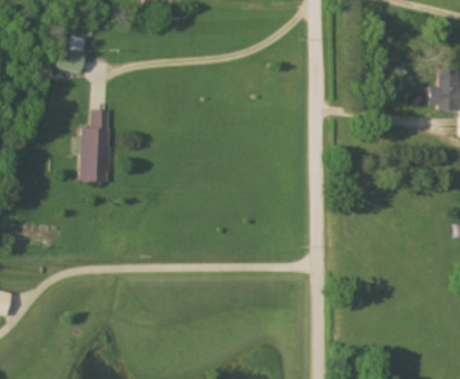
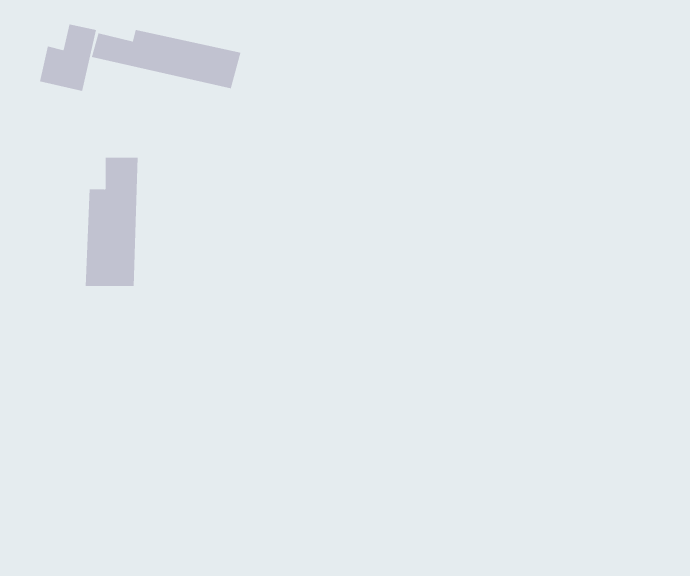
building: none -> [91,29,241,89]

